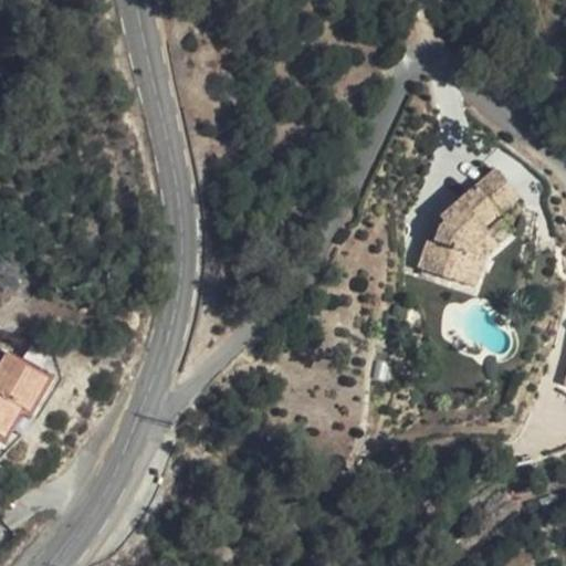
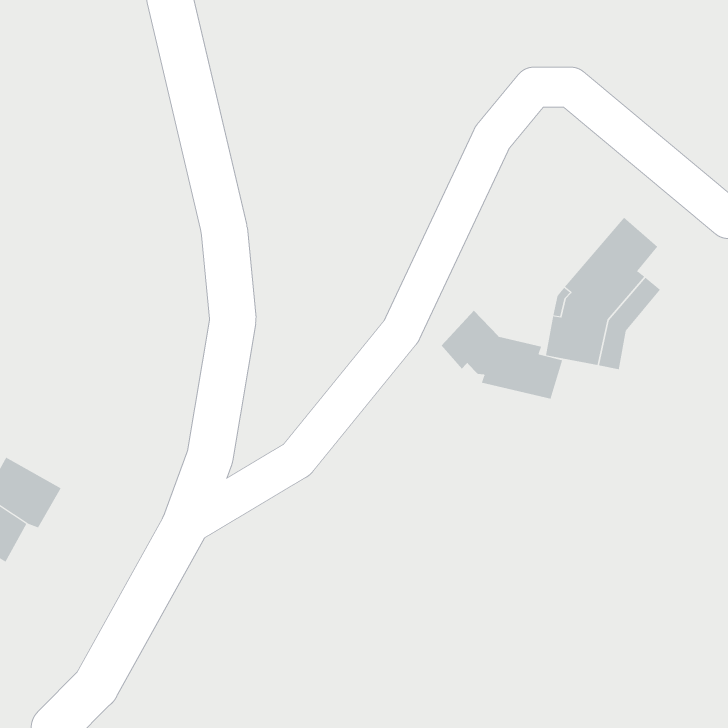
building: none -> [441,310,563,399]

